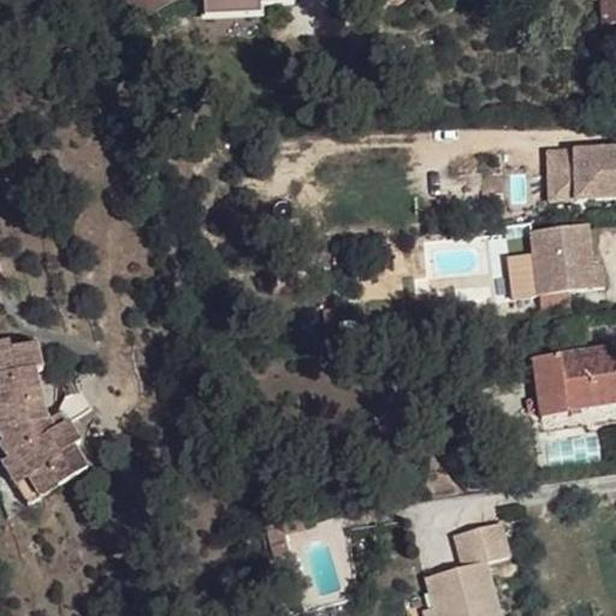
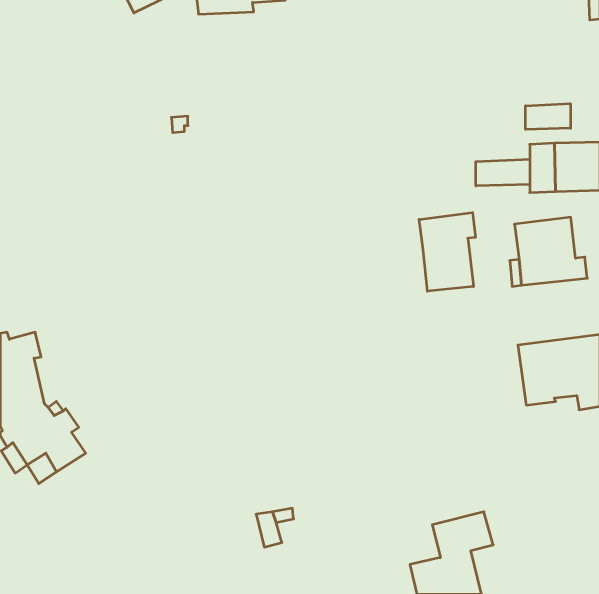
building: none -> [526,104,571,129]
building: none -> [476,159,530,186]
building: none -> [419,213,475,291]

